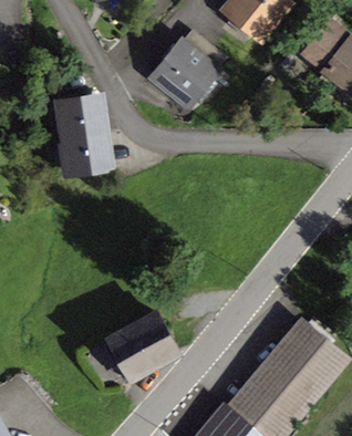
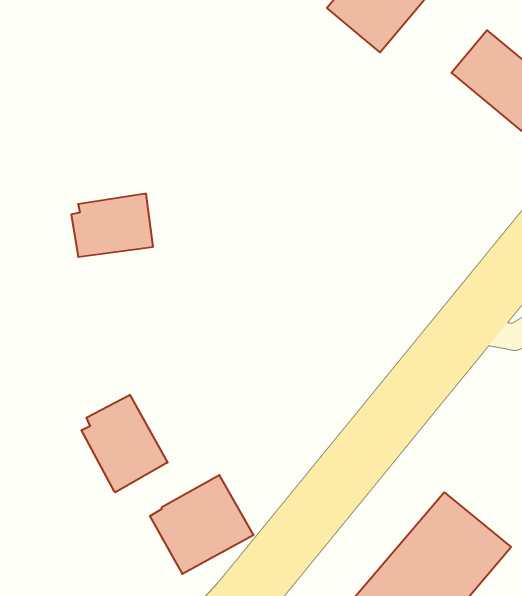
building: [153,42,226,105] -> none
building: [52,97,106,137] -> none
building: none -> [81,395,168,492]

